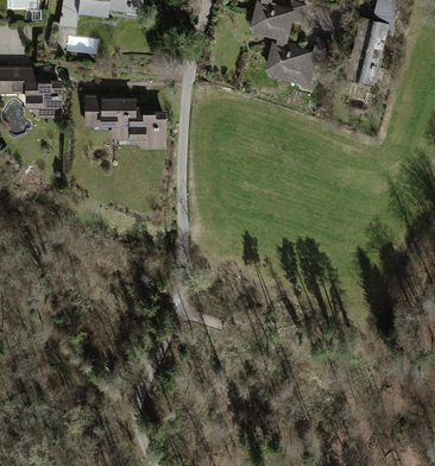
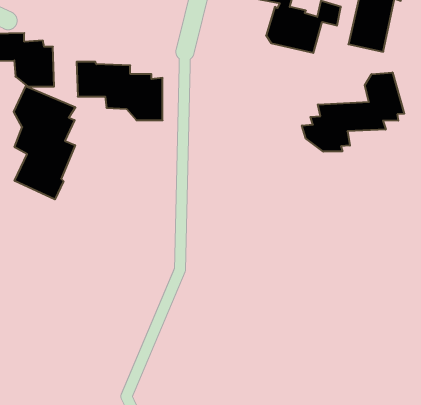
building: none -> [302,72,404,152]
building: none -> [14,86,75,199]

